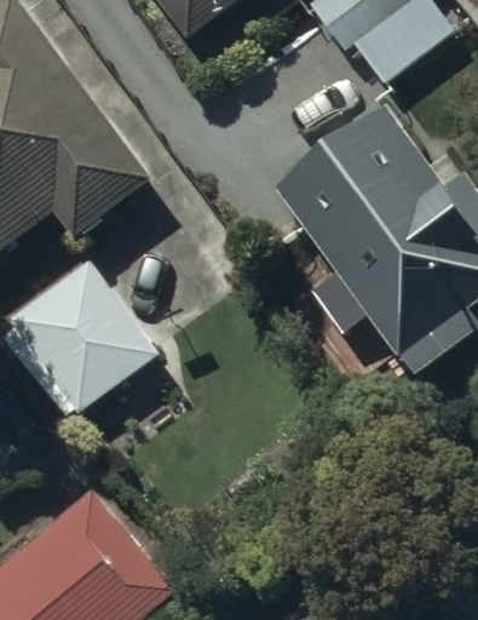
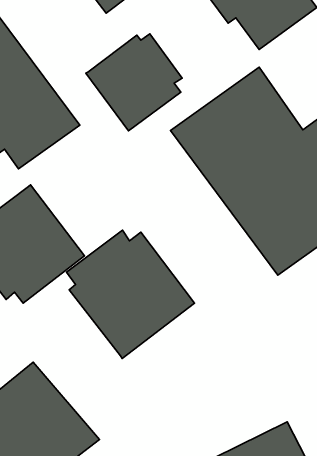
building: none -> [86,34,182,131]
building: none -> [67,230,194,359]

